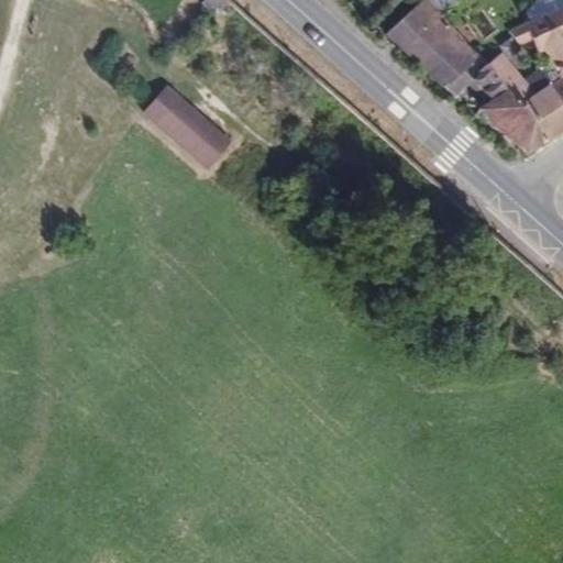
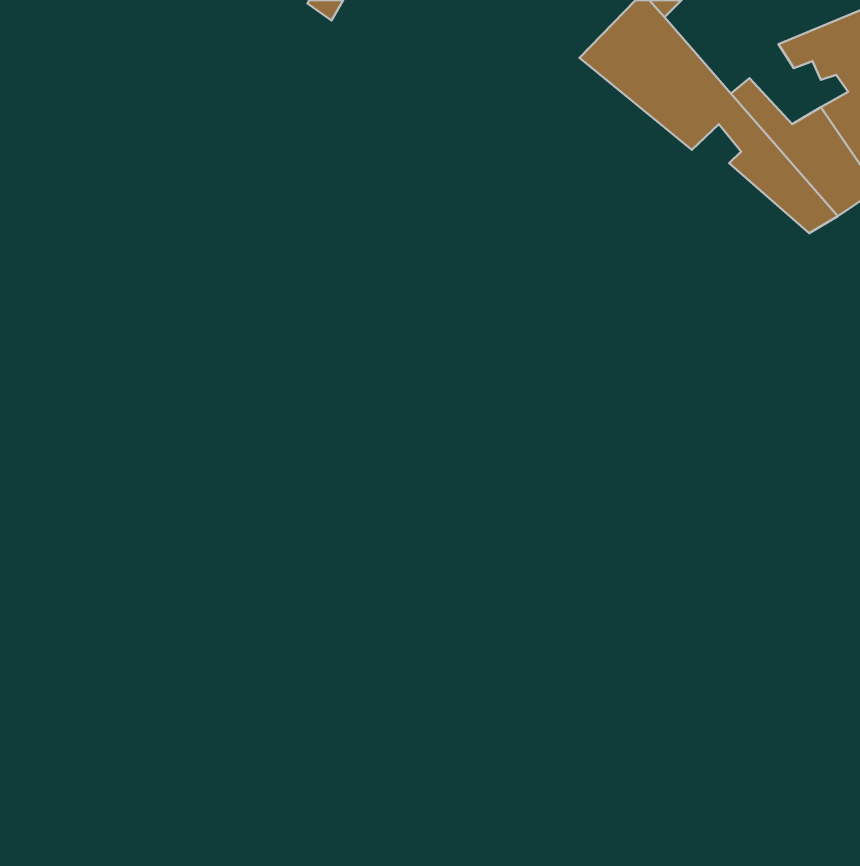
building: [148,84,239,169] -> none

